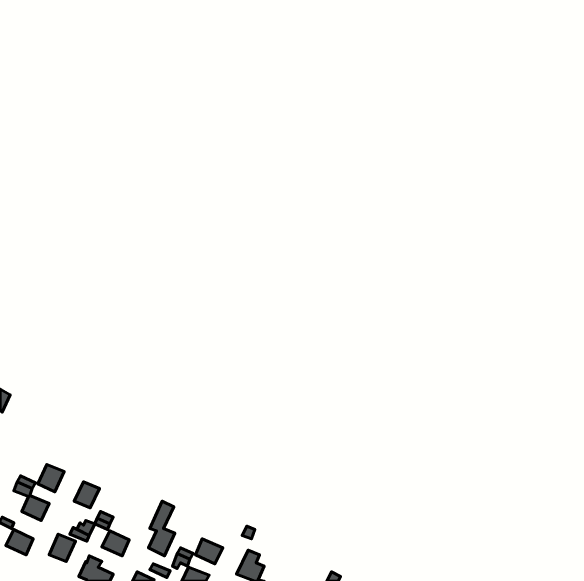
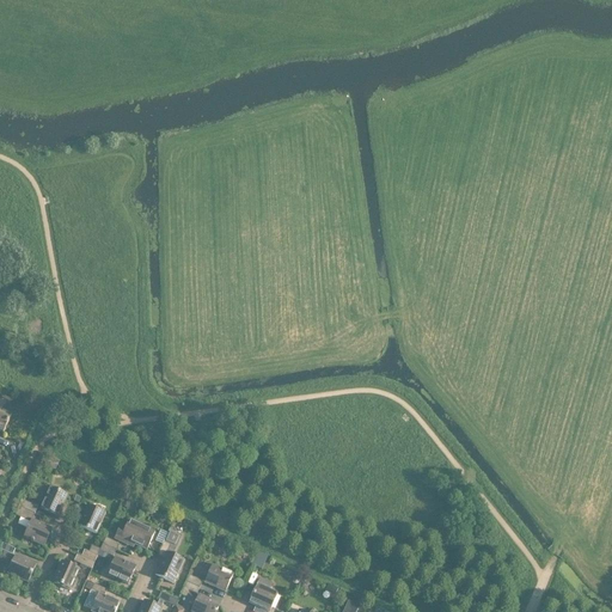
building: none -> [112,519,149,546]

